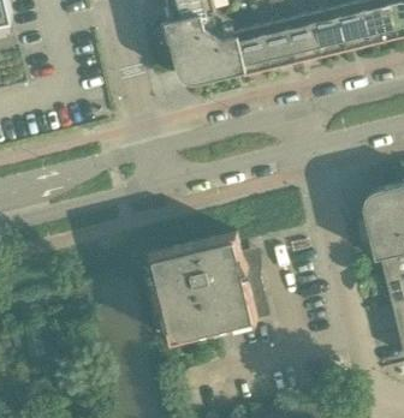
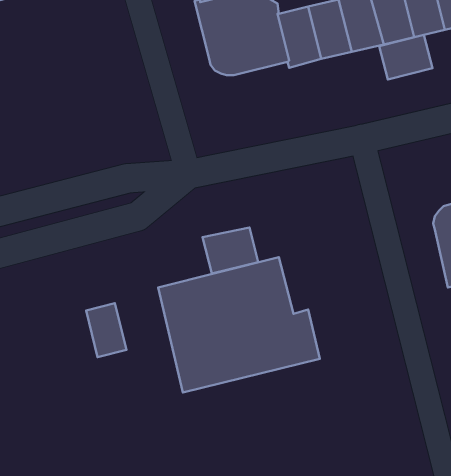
building: none -> [379,35,432,79]
building: none -> [202,227,258,274]
building: none -> [86,303,126,357]

